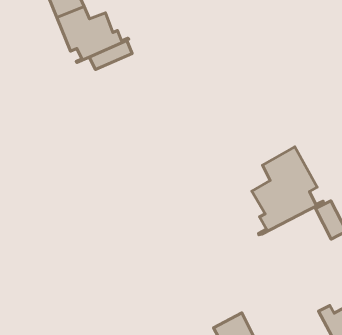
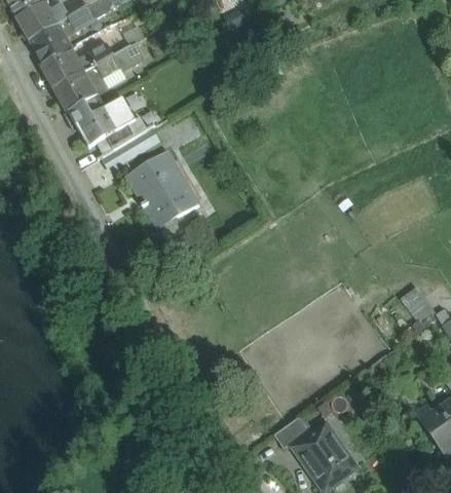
building: none -> [128,153,199,228]
building: [252,147,323,235] -> none
building: none -> [274,416,309,447]

